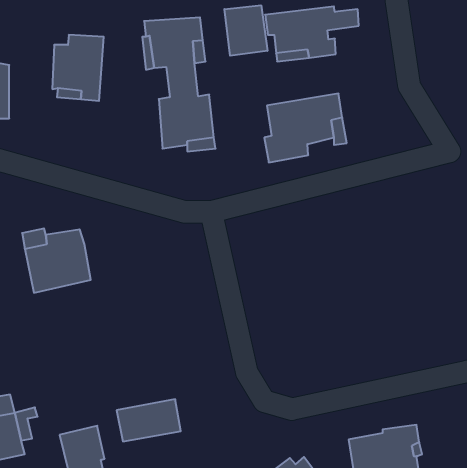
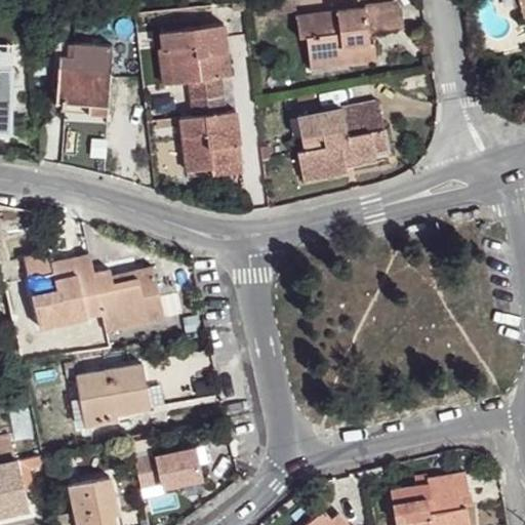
building: [224,5,267,56] -> none
building: none -> [94,267,164,332]
building: none -> [74,366,148,428]

